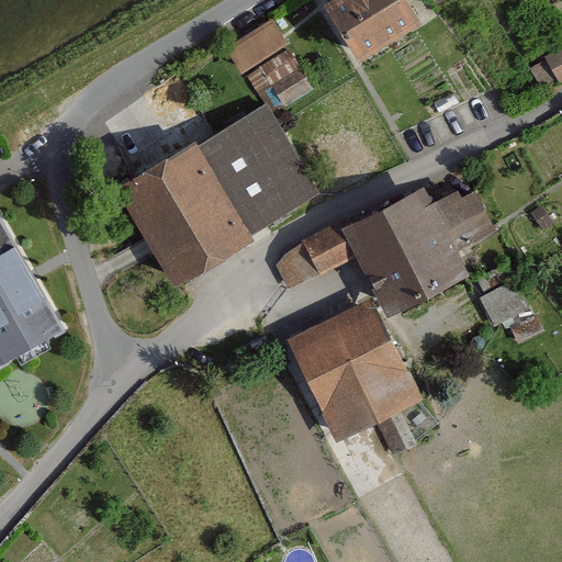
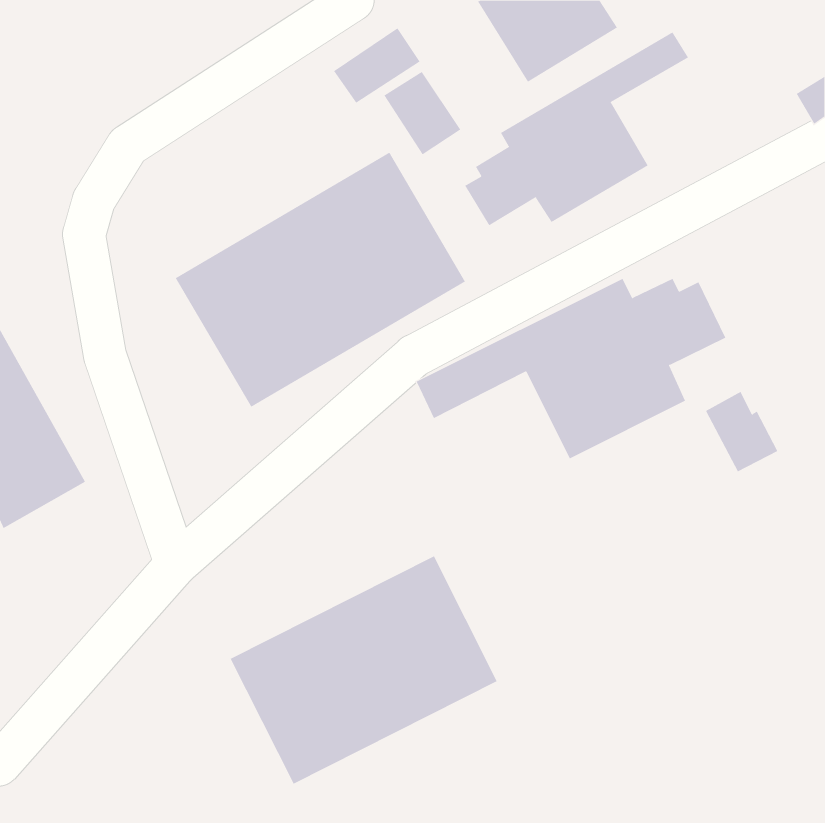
building: none -> [465,31,689,226]
building: [290,301,418,454] -> none
building: none -> [230,555,498,785]

